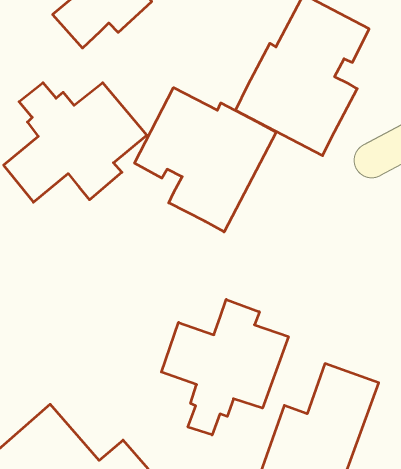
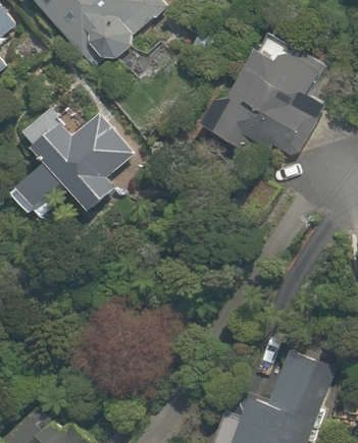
building: [135,88,276,232] -> none
building: [161,299,288,435] -> none

